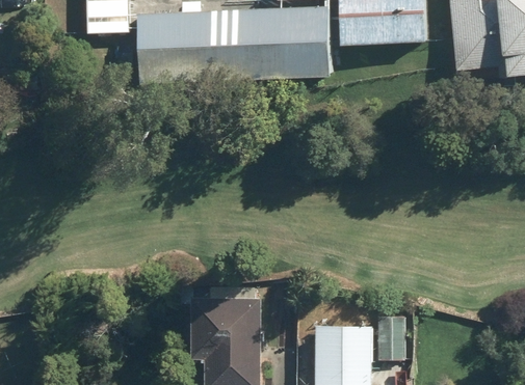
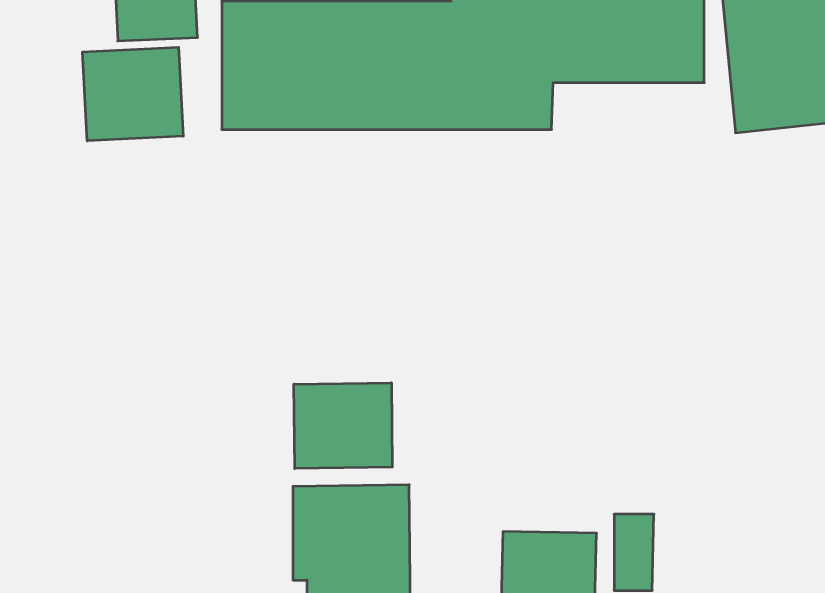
building: none -> [83,47,183,141]
building: none -> [294,383,392,469]

